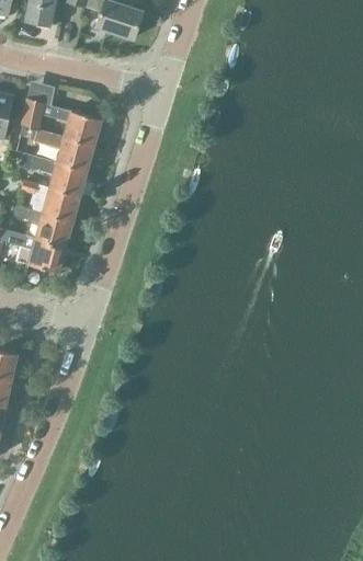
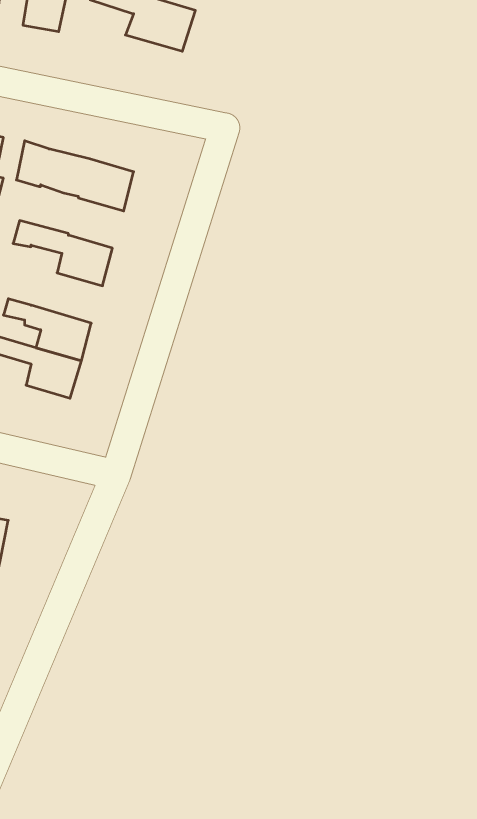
building: [35,127,94,170] -> none
building: [20,178,80,220] -> none

